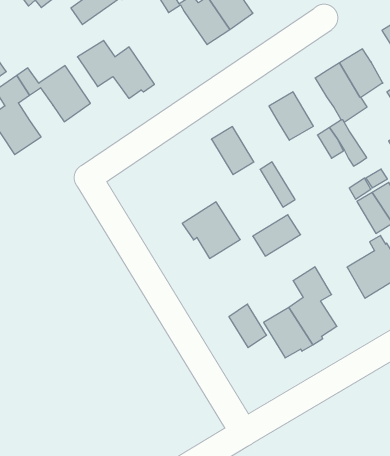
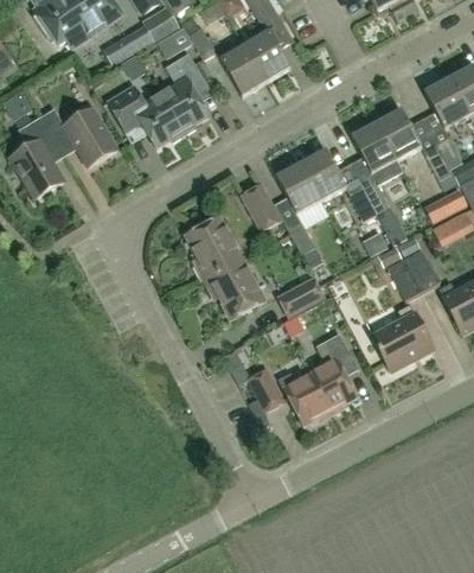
building: none -> [160,52,209,133]
building: none -> [276,163,320,212]
building: none -> [186,218,241,279]

